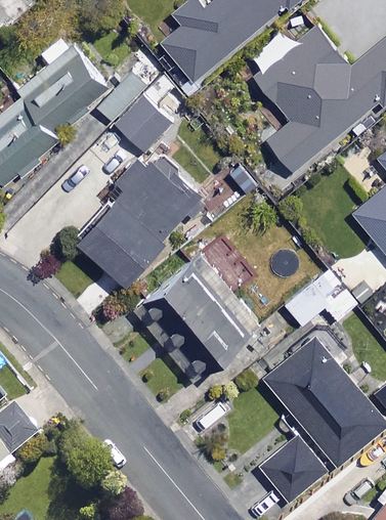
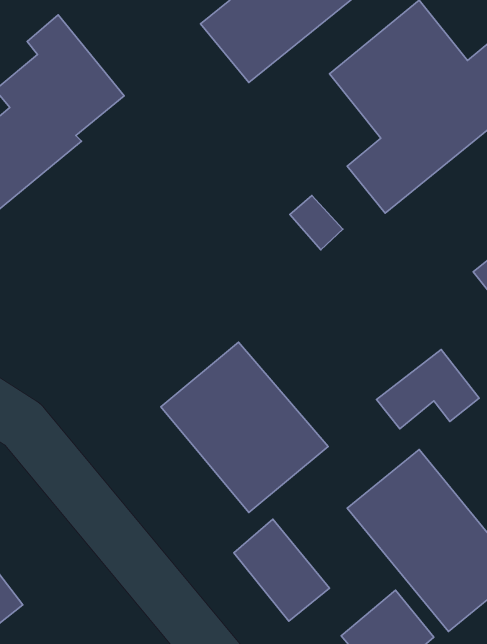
building: [99,79,173,154] -> none
building: [77,151,206,281] -> none
building: none -> [234,519,329,621]

